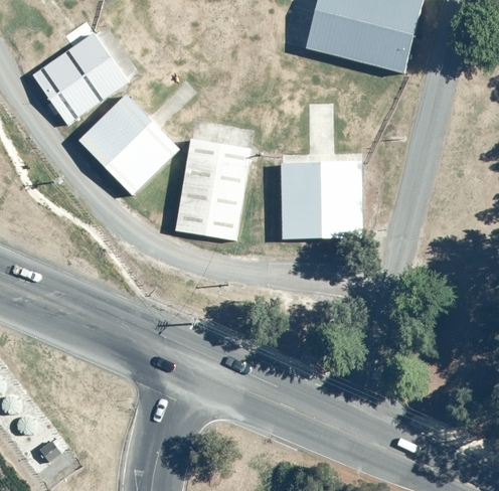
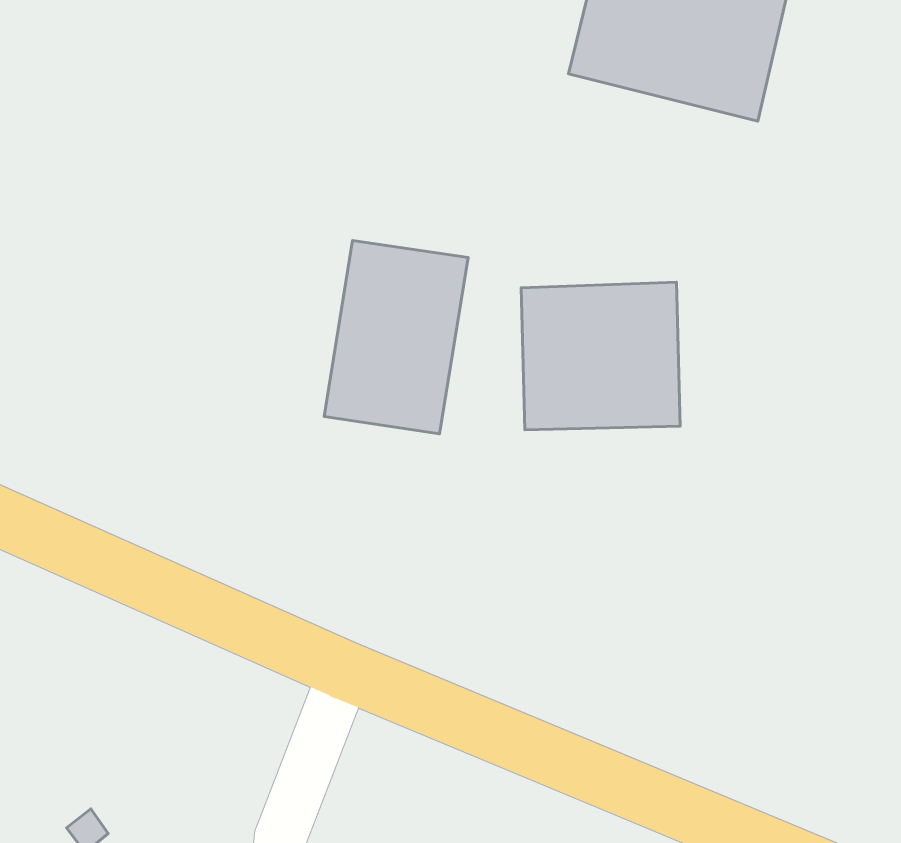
building: [31,30,129,124] -> none
building: [77,92,181,196] -> none

